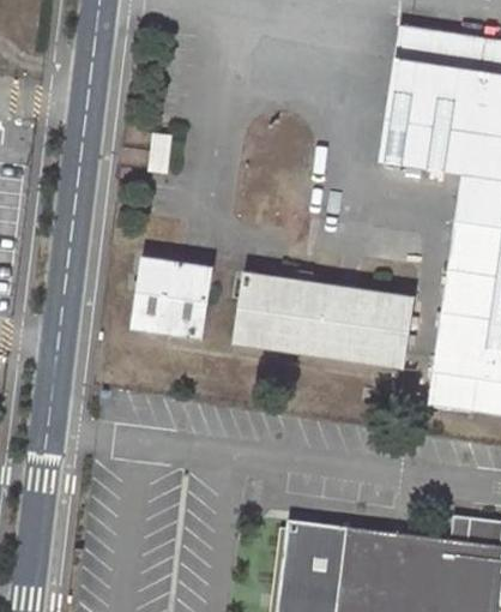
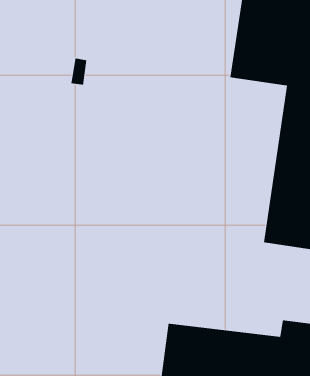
building: [131,259,215,338] -> none
building: [234,275,416,368] -> none

